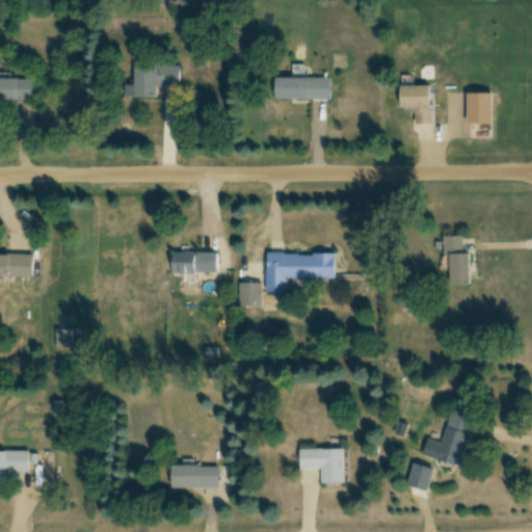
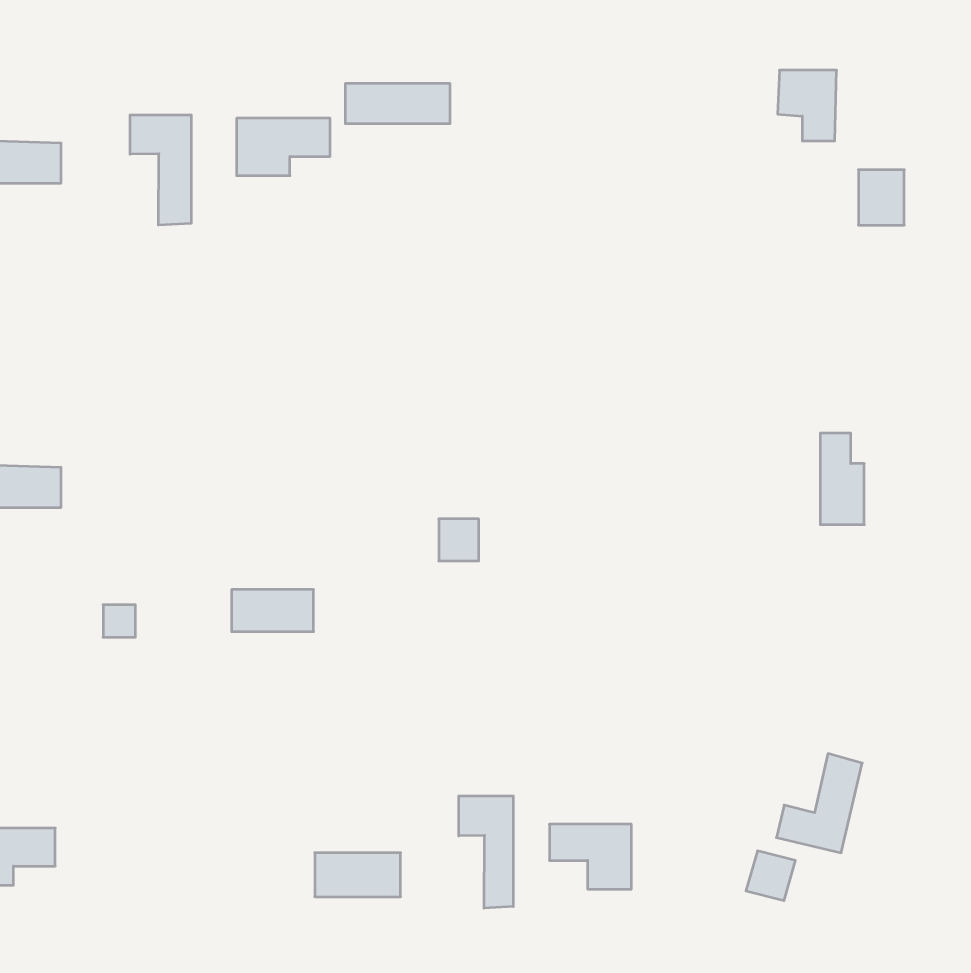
building: none -> [130,115,191,225]
building: [273,76,330,98] -> [345,84,450,124]
building: [400,84,432,123] -> [778,70,837,141]
building: [172,251,217,274] -> [232,590,314,632]
building: [266,252,335,290] -> none
building: none -> [459,796,513,908]

